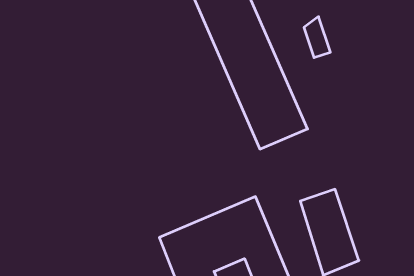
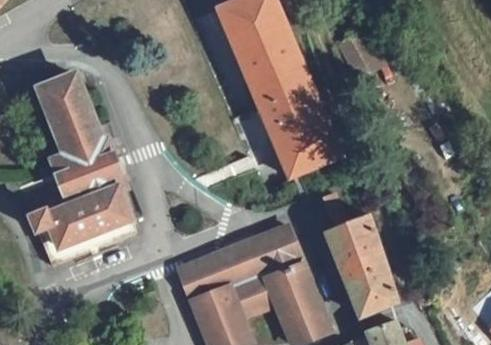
building: none -> [27,73,133,266]

